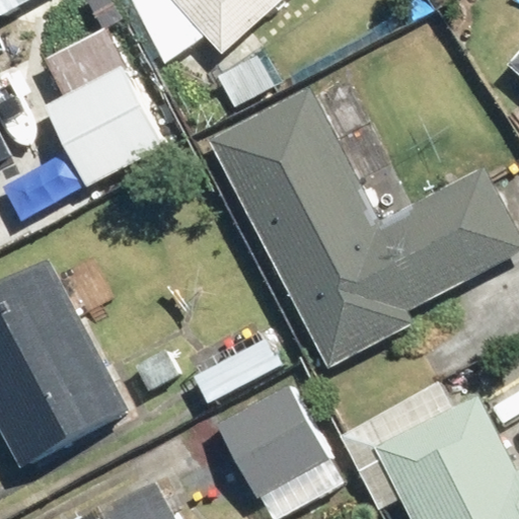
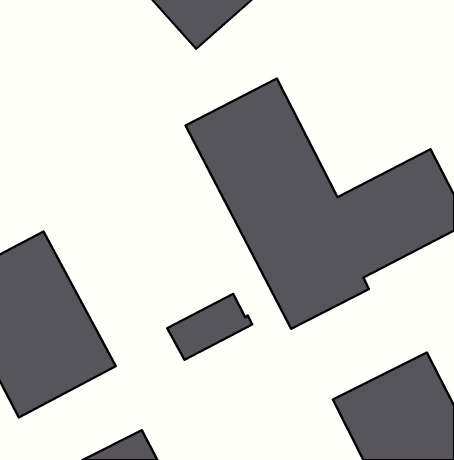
building: [45,66,165,188] -> none
building: [217,386,328,499] -> none

